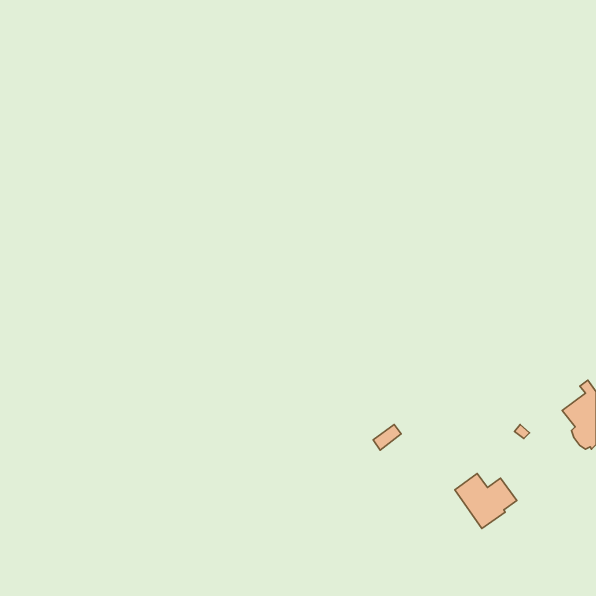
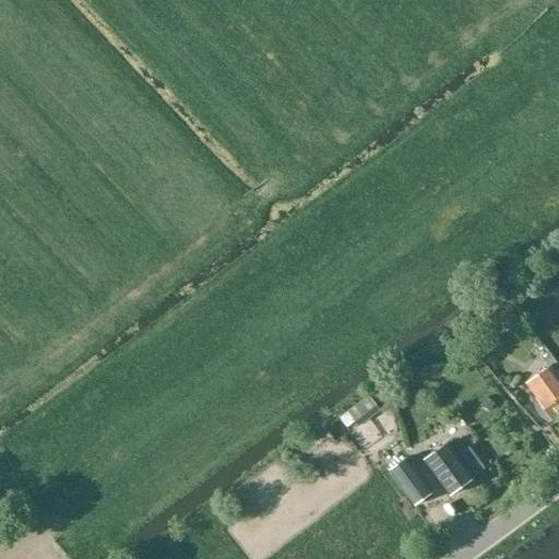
building: none -> [389,456,433,507]

